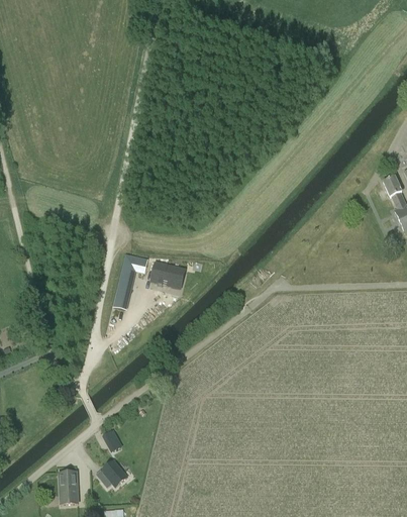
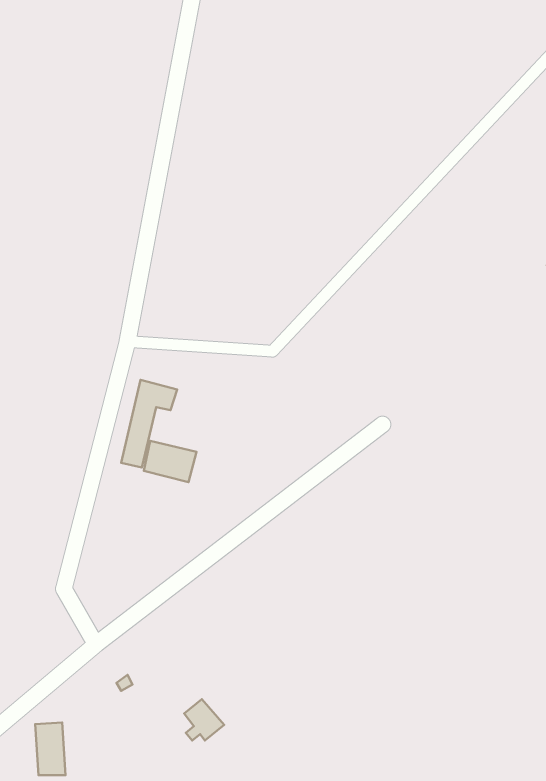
building: [154,261,187,287] -> [144,441,196,482]
building: [102,459,127,486] -> [184,699,224,741]

